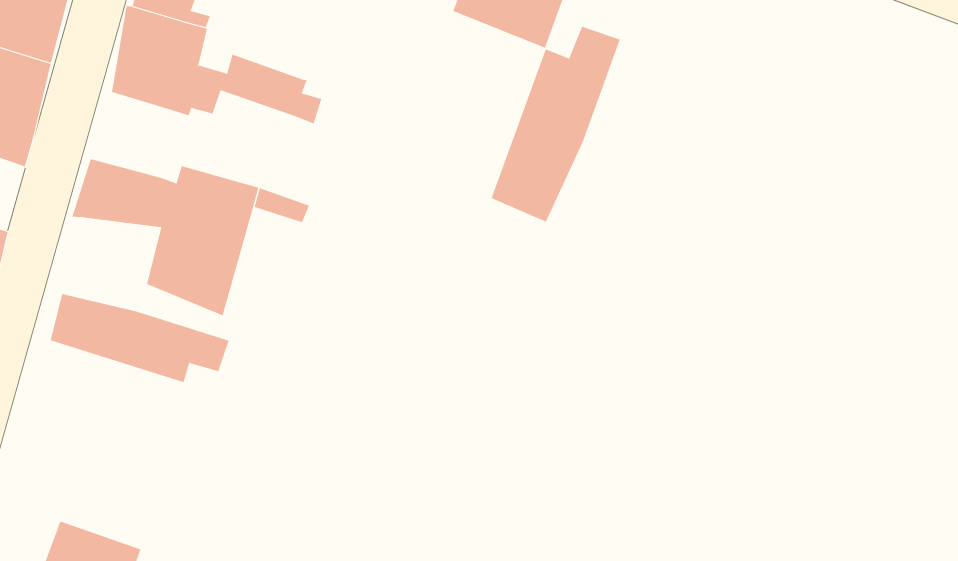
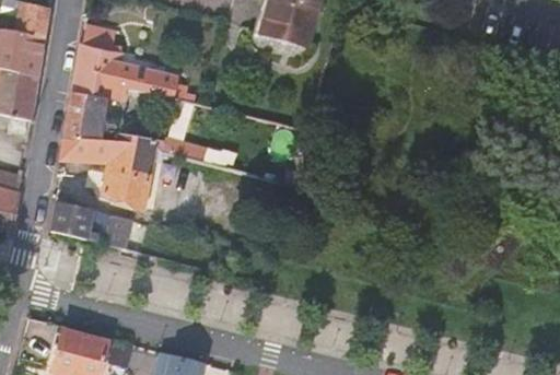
building: [491,26,620,222] -> none
building: none -> [63,91,112,136]

